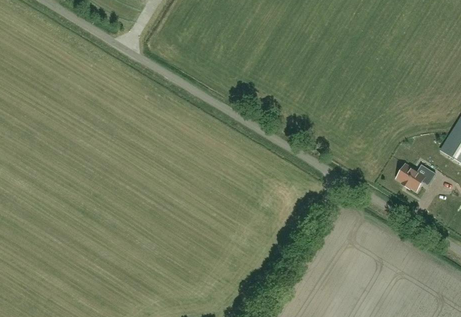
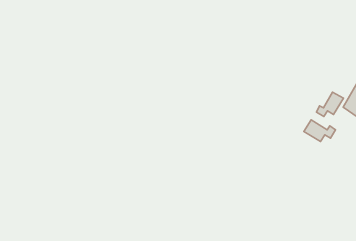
building: none -> [316,92,343,117]

